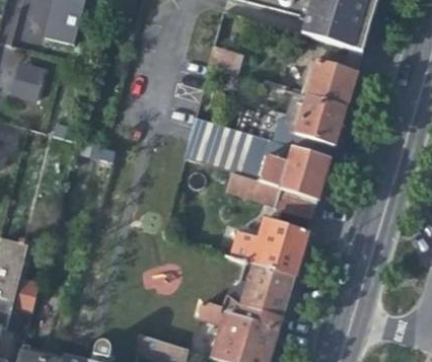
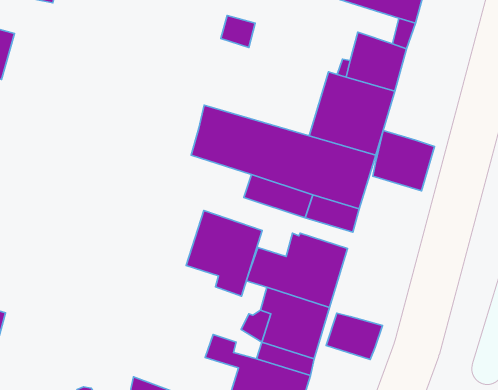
building: none -> [373,131,434,191]
building: none -> [186,211,262,296]
building: none -> [326,313,382,360]

